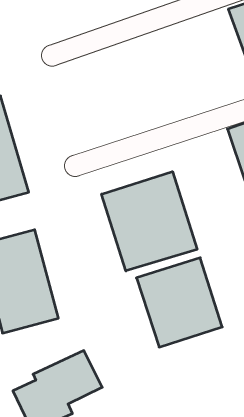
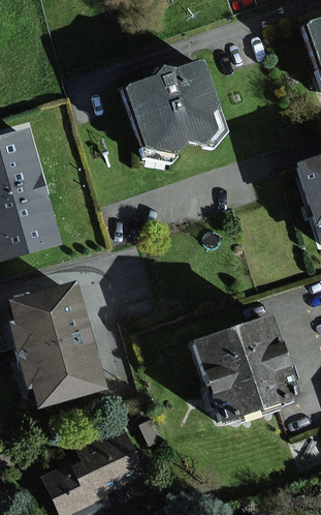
building: none -> [119,60,227,161]
building: [102,172,197,271] -> none

